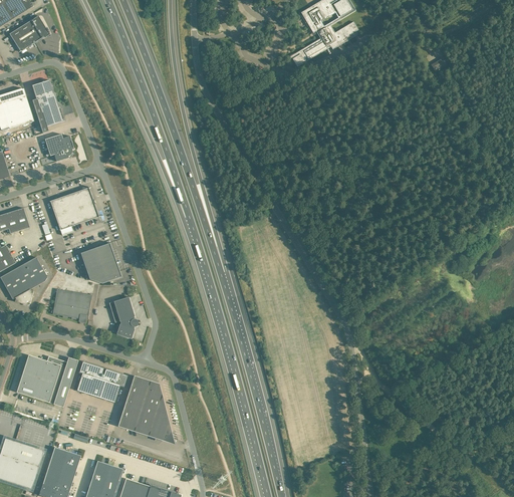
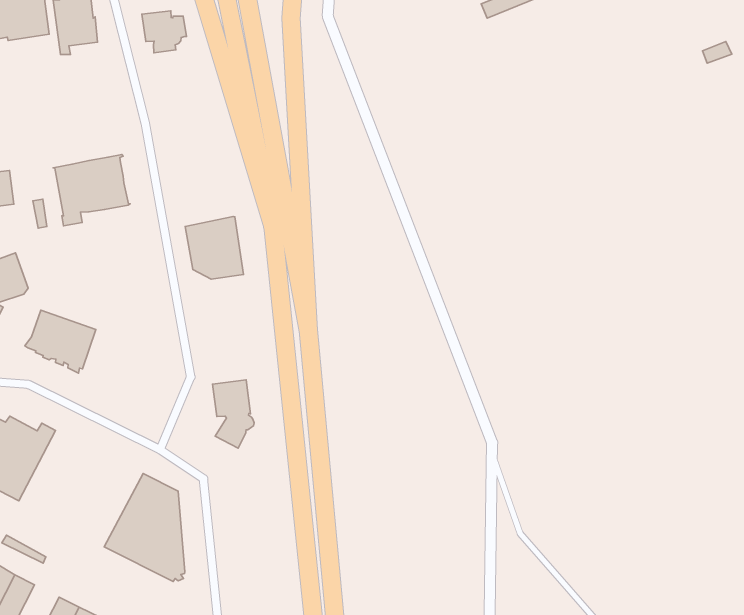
building: [44,134,73,161] -> [142,11,186,53]
building: [80,242,120,282] -> [185,216,243,279]
building: [108,296,138,338] -> [212,380,254,448]
building: [76,360,125,402] -> none

